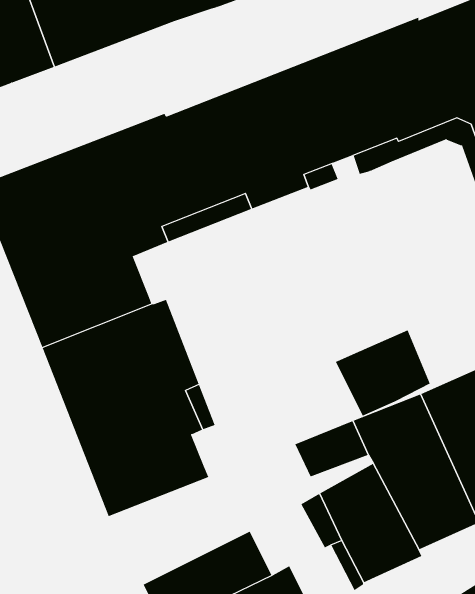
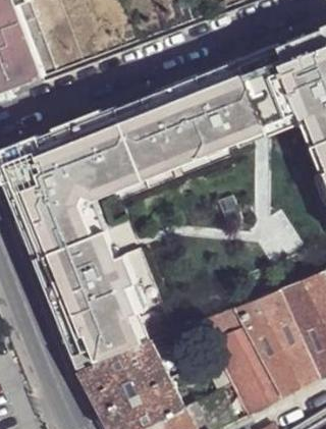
building: [335,330,431,417] -> none
building: none -> [77,340,169,412]

